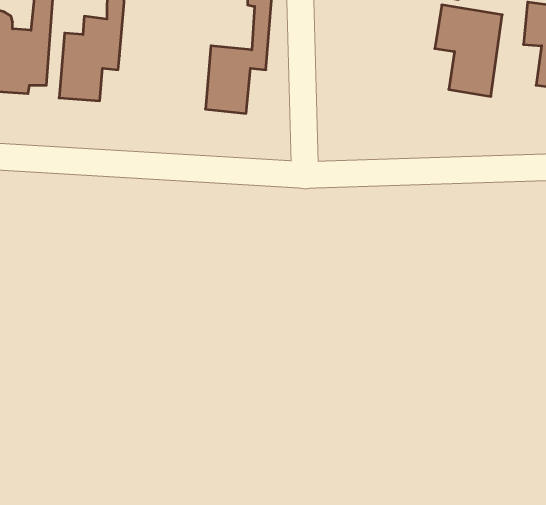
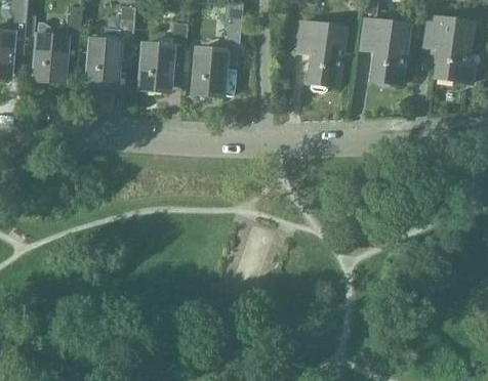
building: none -> [297,19,355,90]
building: none -> [139,20,187,90]

